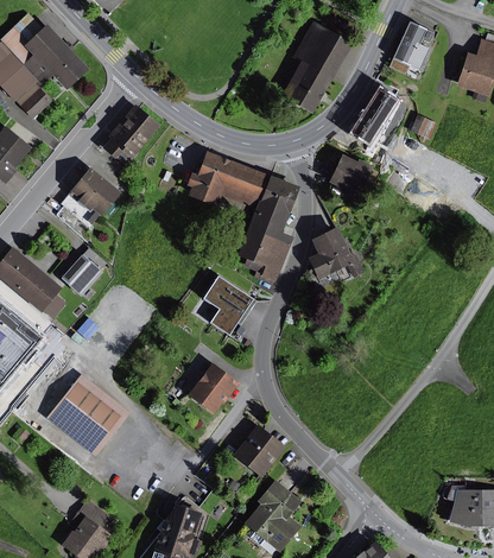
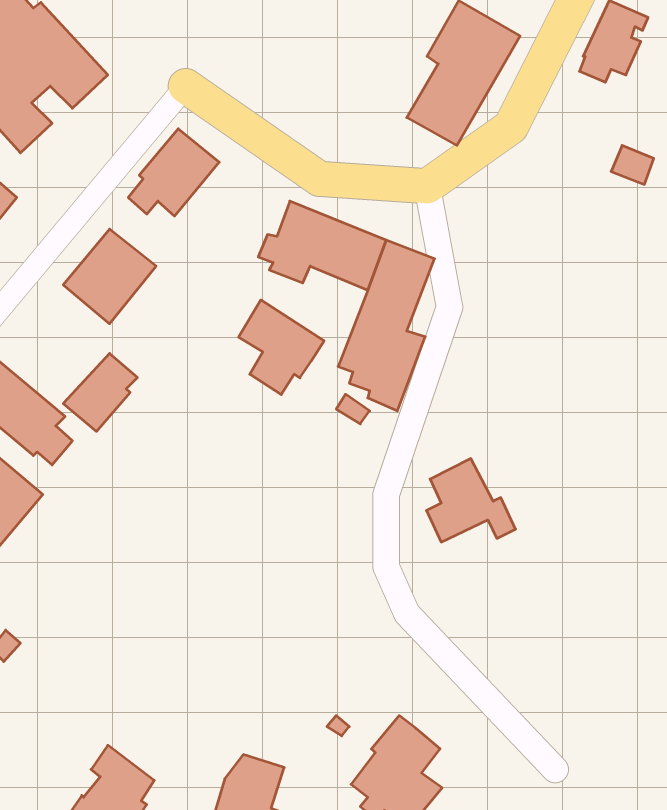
building: [353,87,401,145] -> none
building: [327,154,373,202] -> none
building: [308,227,365,280] -> [426,459,516,542]
building: [202,275,256,336] -> [239,300,324,395]
building: [186,363,239,414] -> none
building: [46,374,131,457] -> none
building: [233,425,285,478] -> none

